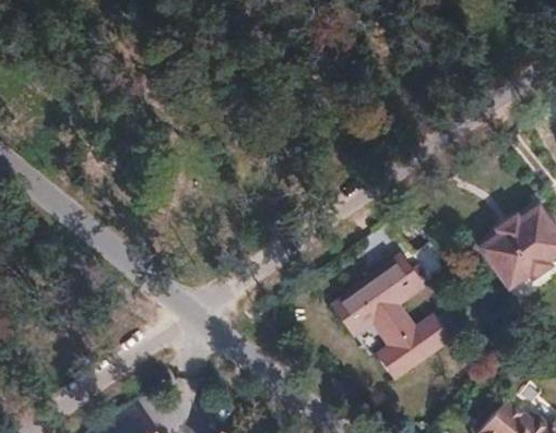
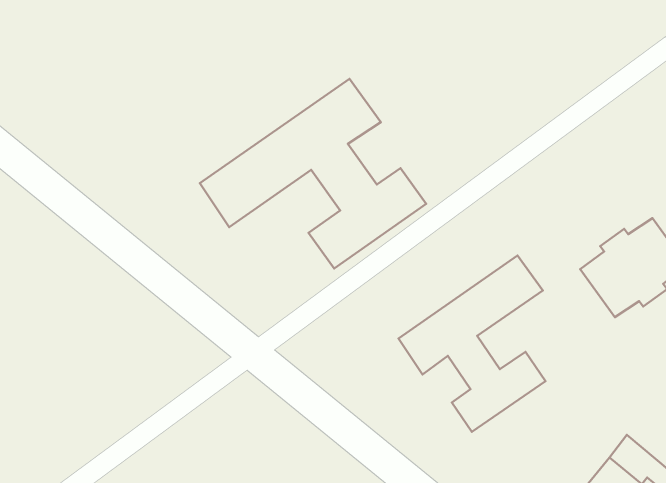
building: none -> [200,79,426,268]

